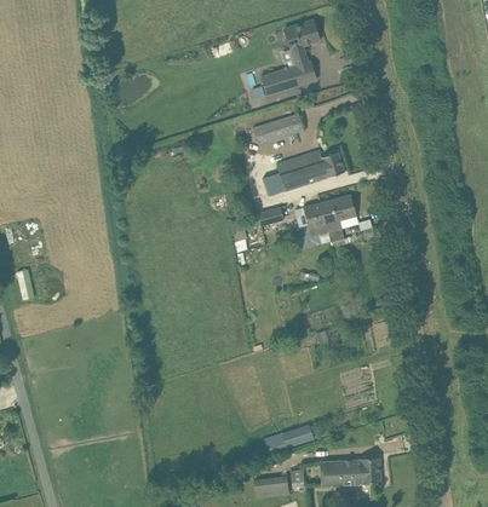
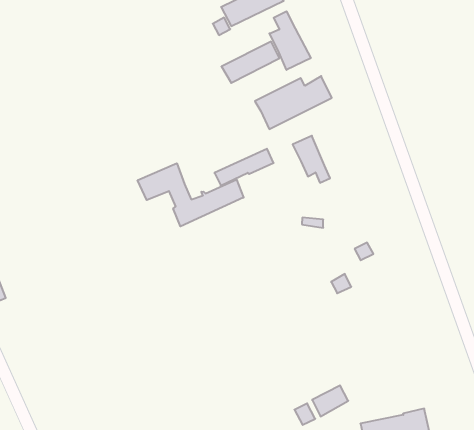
building: none -> [269,11,311,70]
building: [320,195,356,248] -> none
building: none -> [138,163,244,226]

